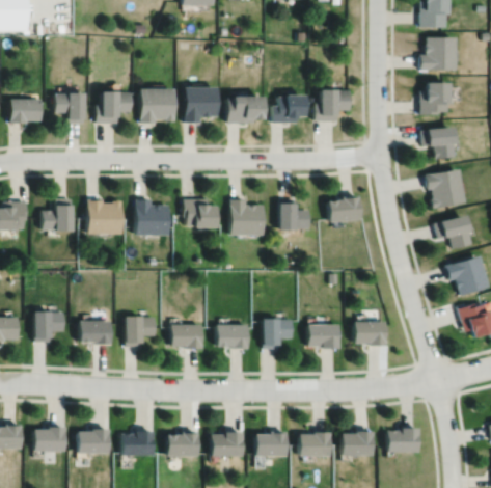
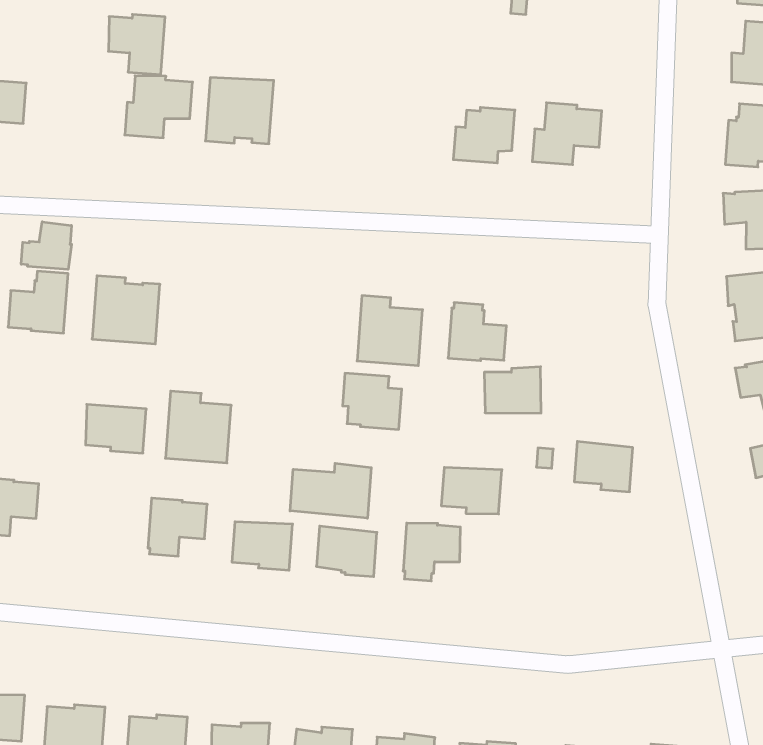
building: [185,86,218,123] -> none
building: [54,91,84,123] -> [108,14,165,74]
building: [227,94,264,123] -> none
building: none -> [21,222,72,269]
building: [329,195,361,222] -> [484,367,541,413]
building: [135,199,168,236] -> [165,391,231,463]
building: [184,199,215,227] -> [343,373,402,429]
building: none -> [290,463,371,518]
building: [79,322,111,346] -> [86,404,146,453]
building: [356,322,386,347] -> [574,441,633,492]
building: [309,325,340,350] -> [441,467,502,514]

